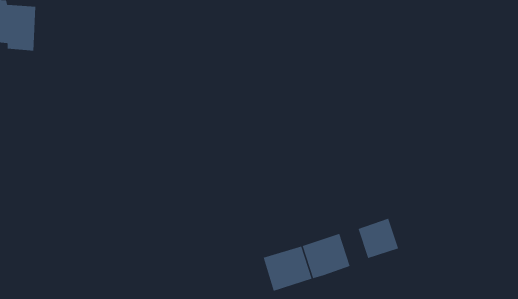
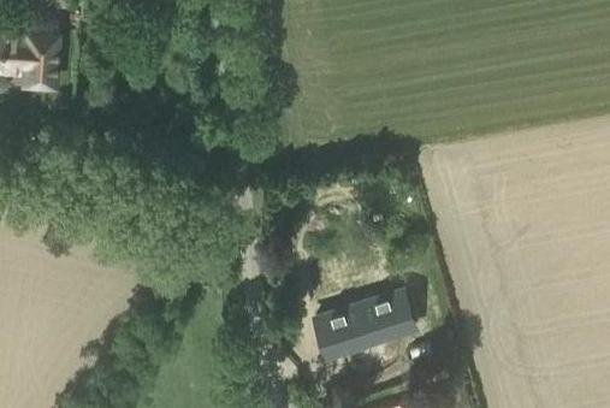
building: [358,218,399,259] -> none

